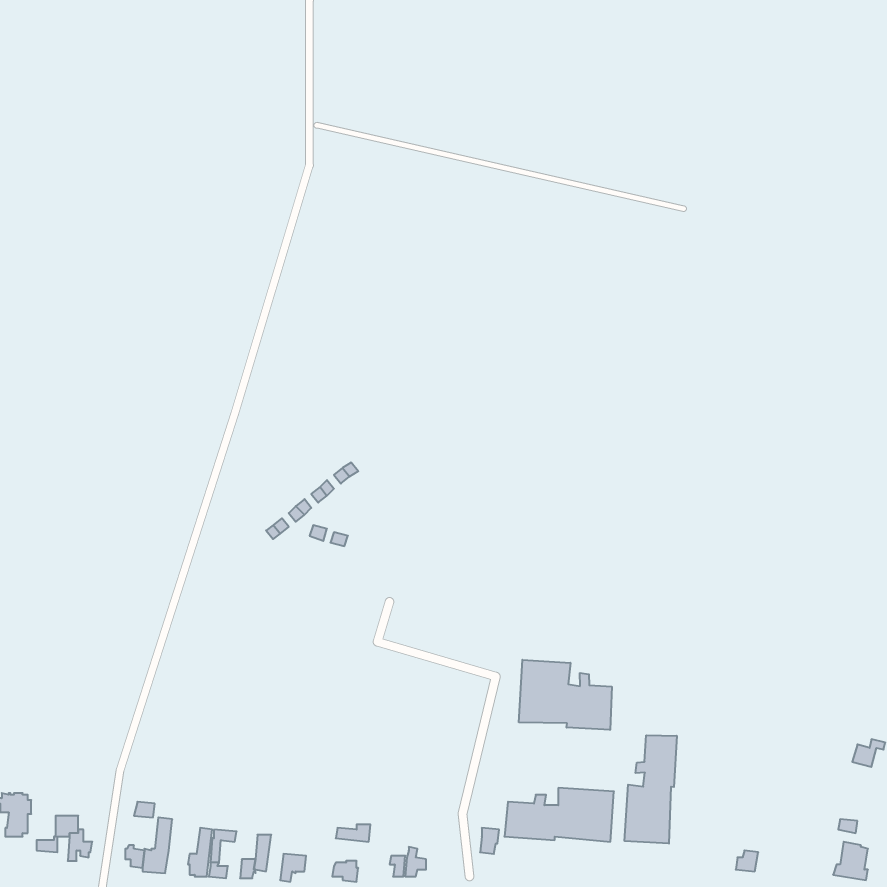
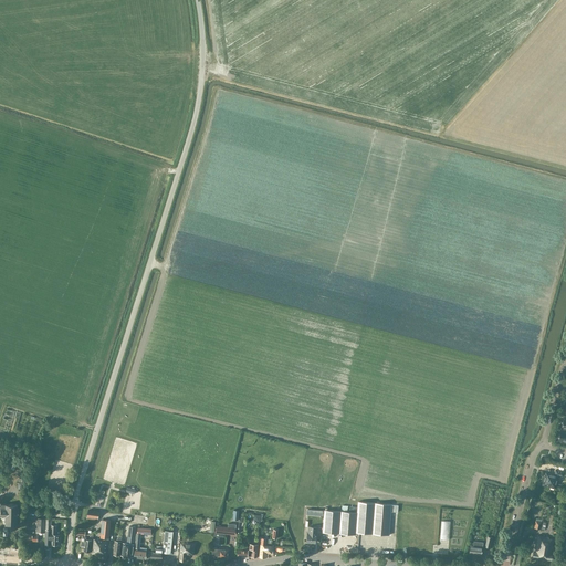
building: [519,660,612,730] -> none
building: [625,735,677,844] -> none

